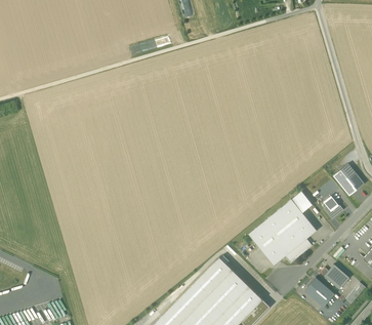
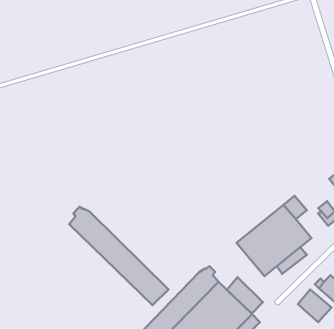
building: none -> [69,207,168,305]
building: none -> [227,277,263,313]

